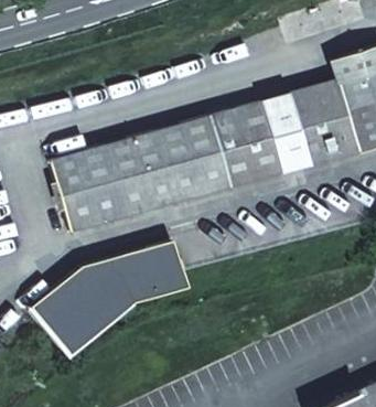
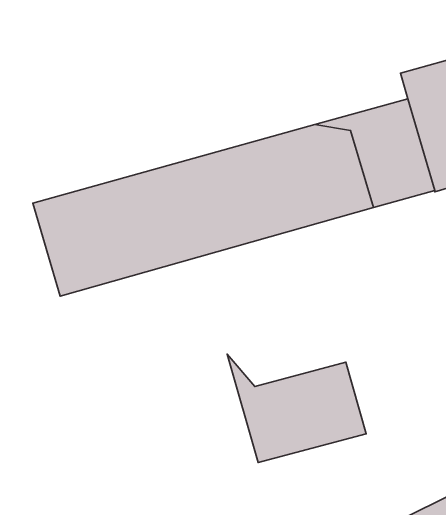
building: [29,240,183,351] -> none
building: none -> [227,354,366,463]

